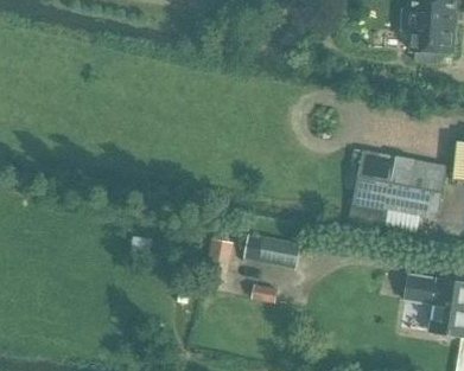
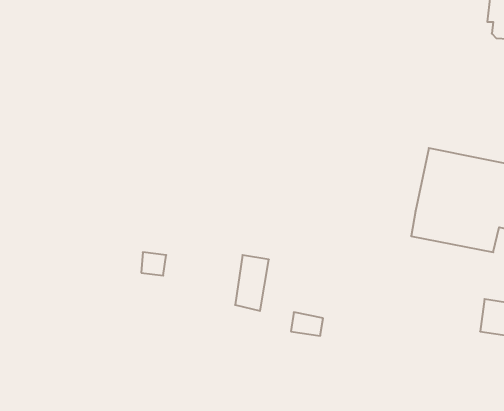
building: [243,234,300,267] -> none

